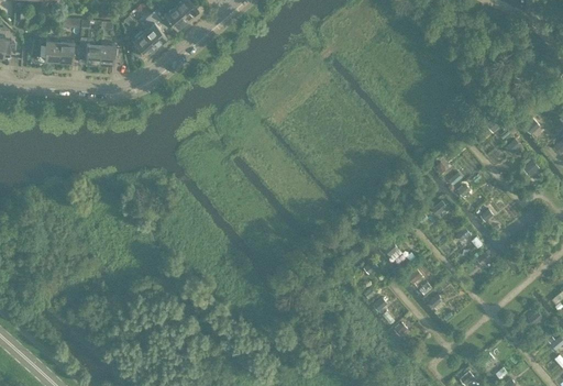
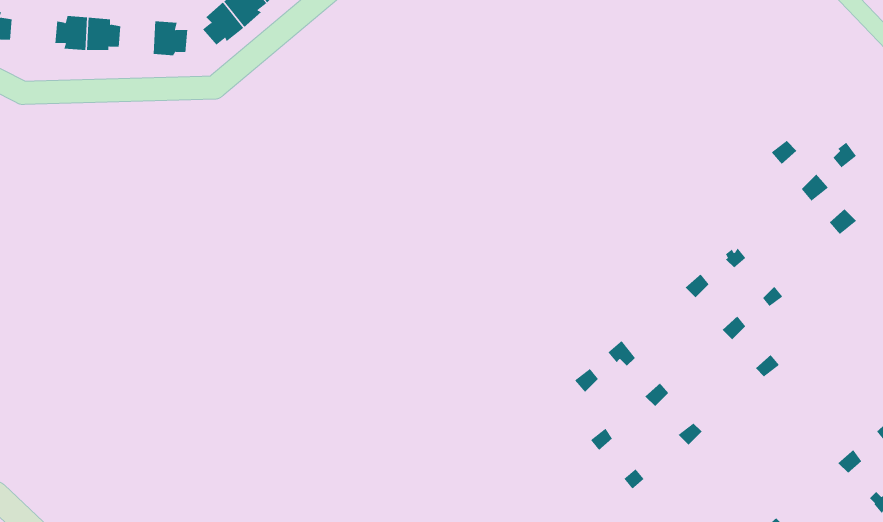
building: [78,37,100,64] -> none

